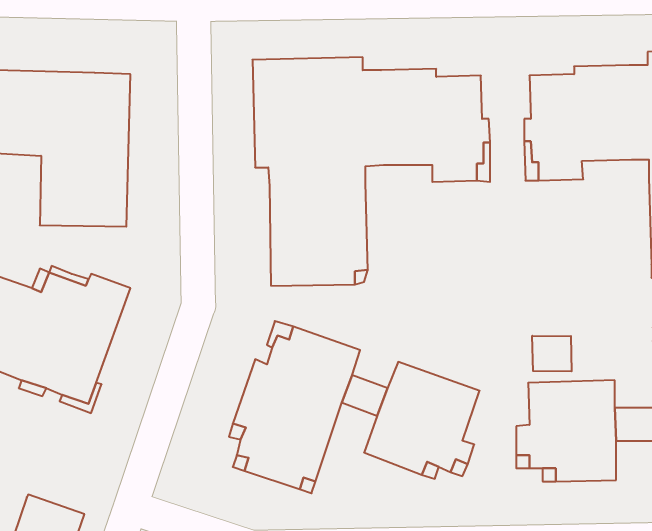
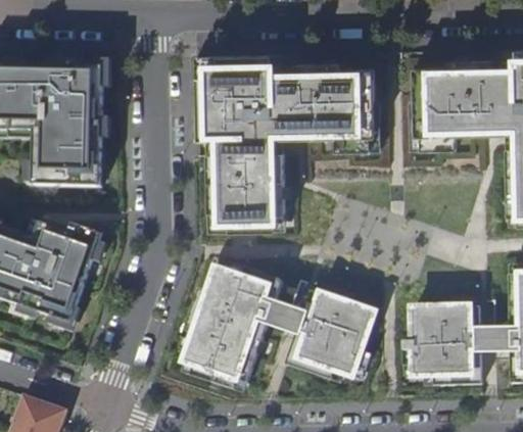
building: [532,336,572,371] -> none

